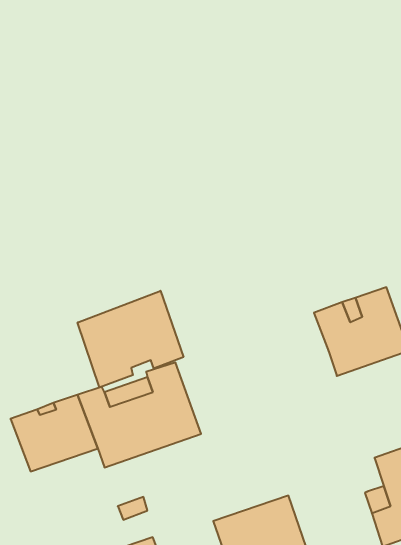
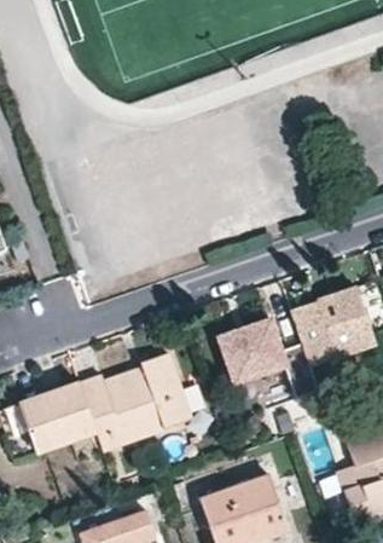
building: [78,291,183,387] -> none
building: none -> [220,319,320,398]

